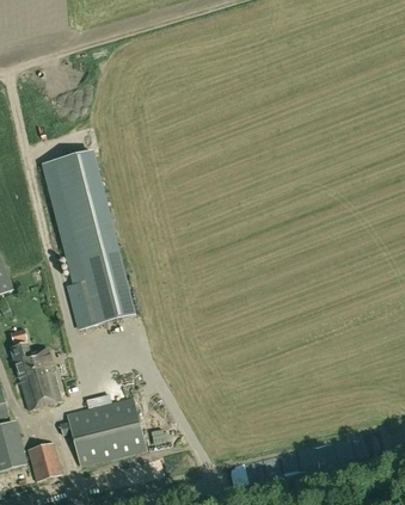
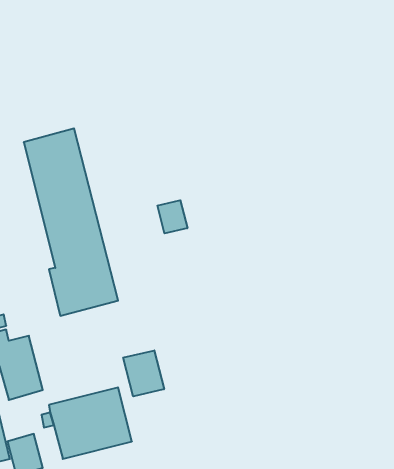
building: none -> [157,200,187,233]
building: none -> [123,350,164,396]

